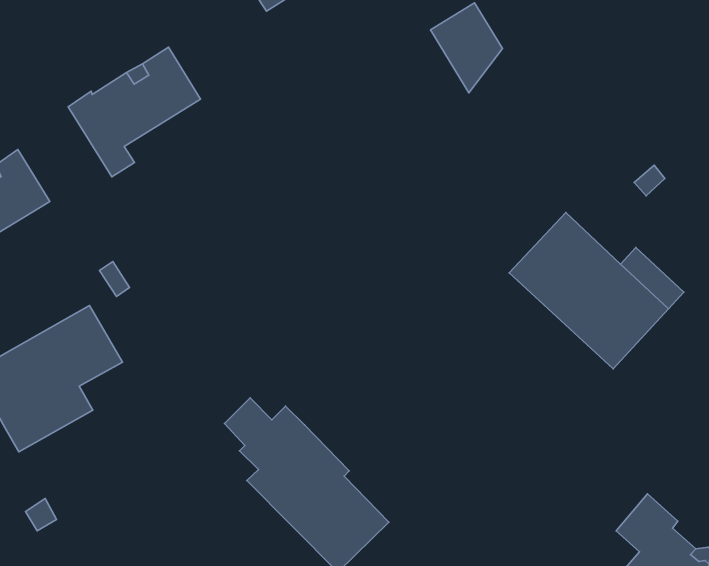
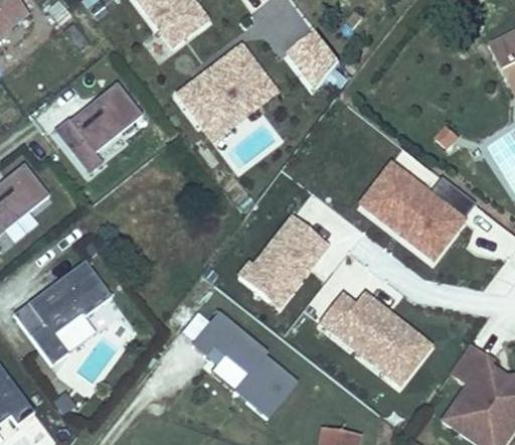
building: none -> [177,44,277,140]
building: none -> [244,217,330,308]
building: none -> [320,292,433,387]

